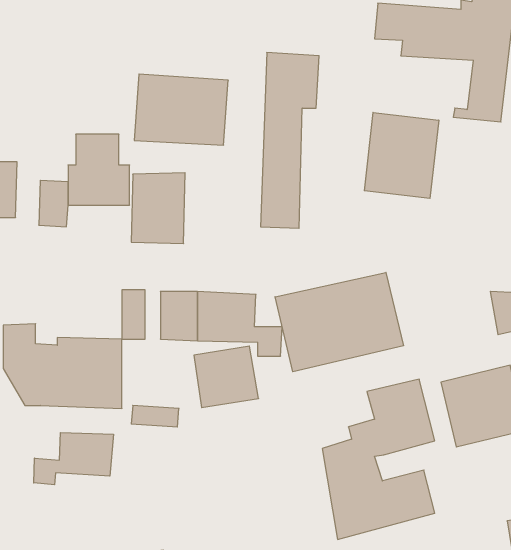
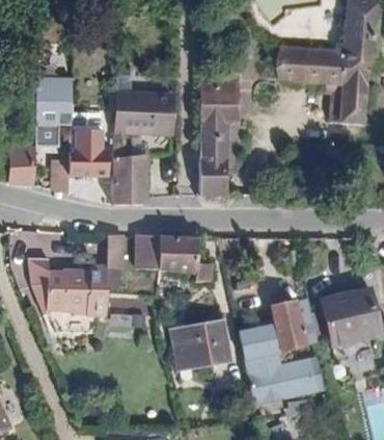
building: none -> [37,79,74,150]
building: [364,112,439,198] -> none
building: [275,272,403,372] -> none
building: [194,346,259,408] -> [186,318,229,360]
building: [34,433,113,485] -> none

